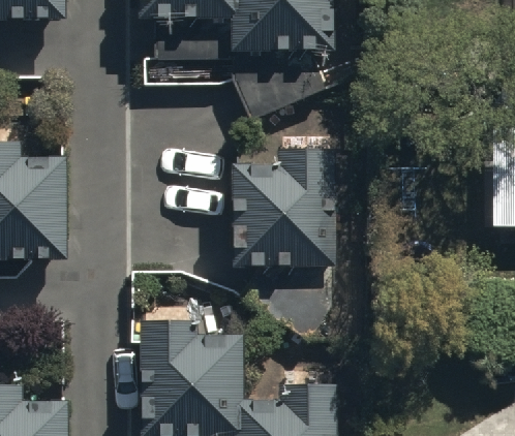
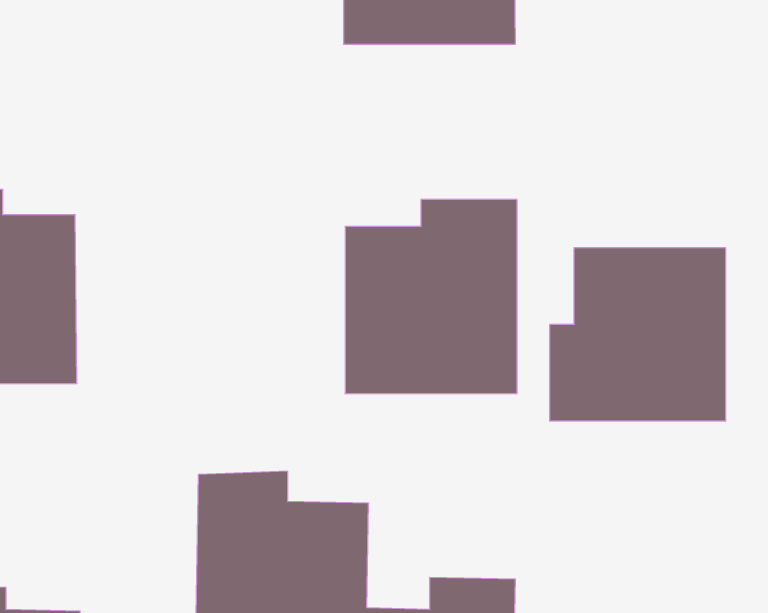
building: none -> [550,248,725,421]

